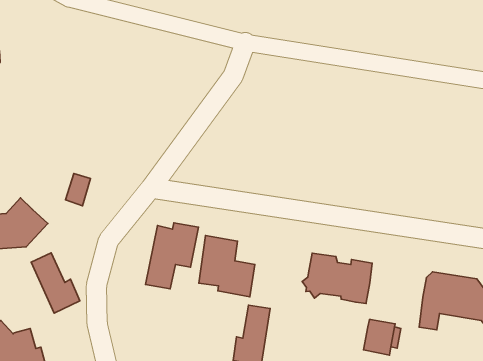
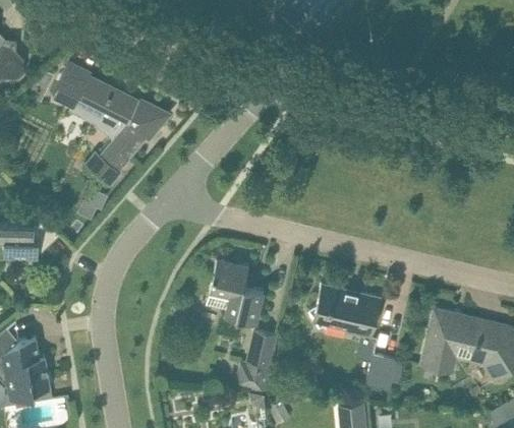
building: none -> [54,64,171,186]
building: [145,223,199,289] -> none
building: [31,253,80,313] -> none

